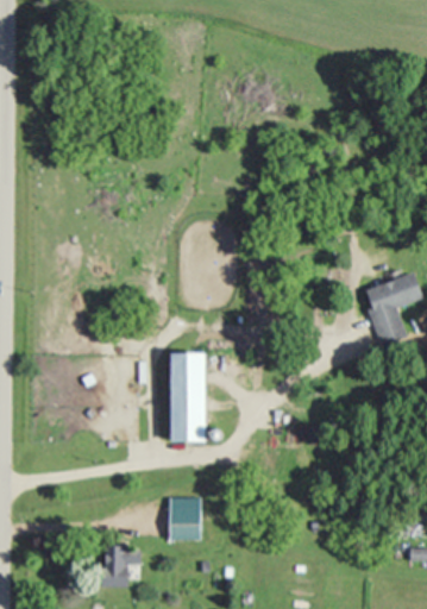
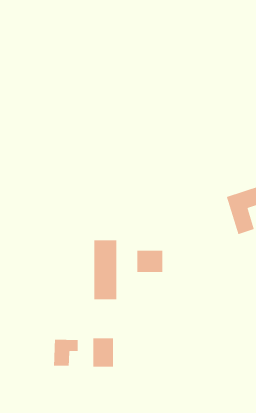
building: none -> [136,250,163,273]
building: [103,546,140,586] -> [53,339,78,366]

